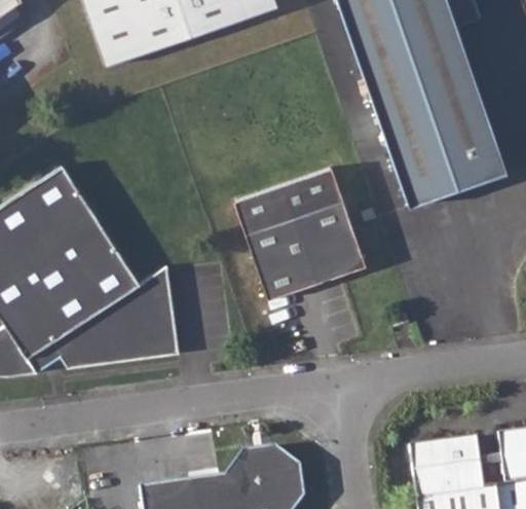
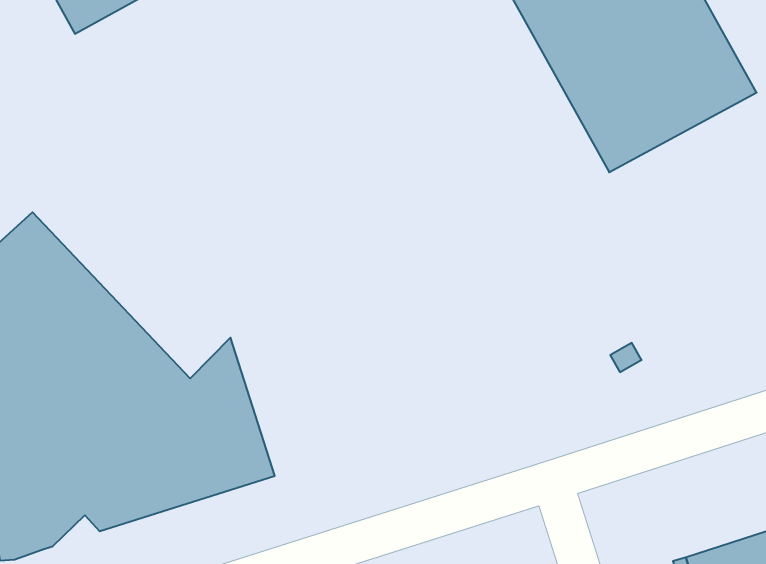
building: [236,170,369,297] -> none

